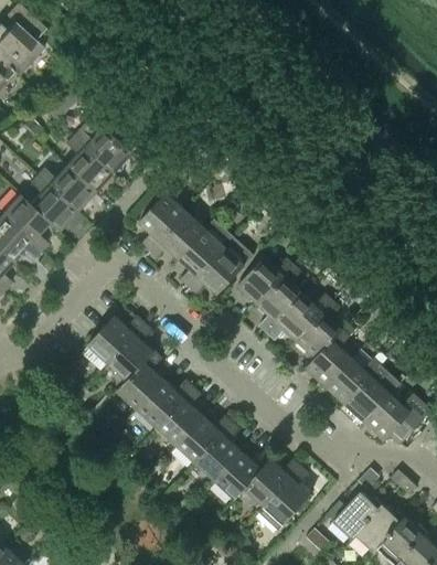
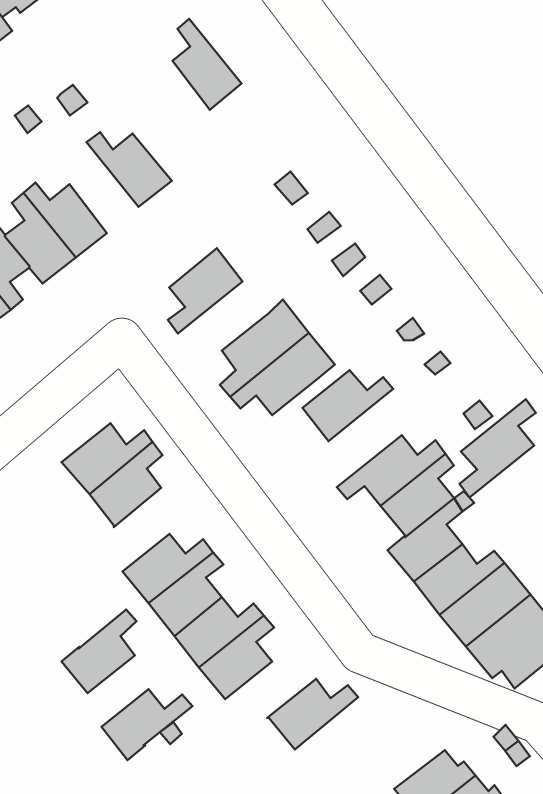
building: [65,138,111,194] -> [172,19,241,110]
building: [149,212,205,258] -> none
building: [256,266,302,334] -> [459,399,536,498]
building: [117,352,163,409] -> [61,609,137,693]
building: [215,452,271,500] -> [102,689,193,760]
building: [265,467,310,525] -> none

